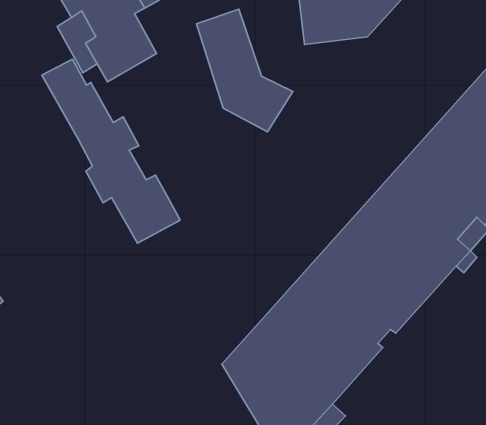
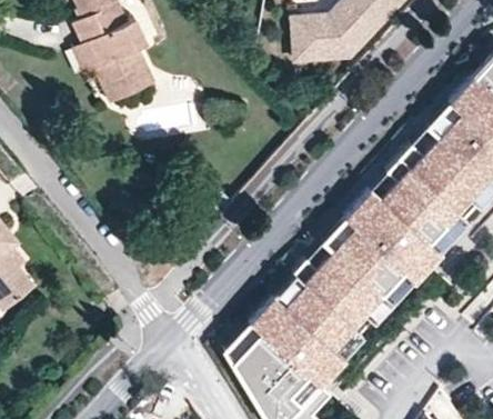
building: [196,9,293,132] -> none
building: [42,59,180,243] -> none

